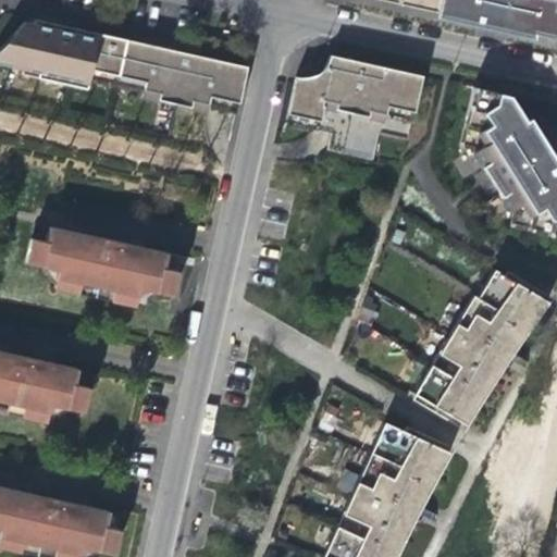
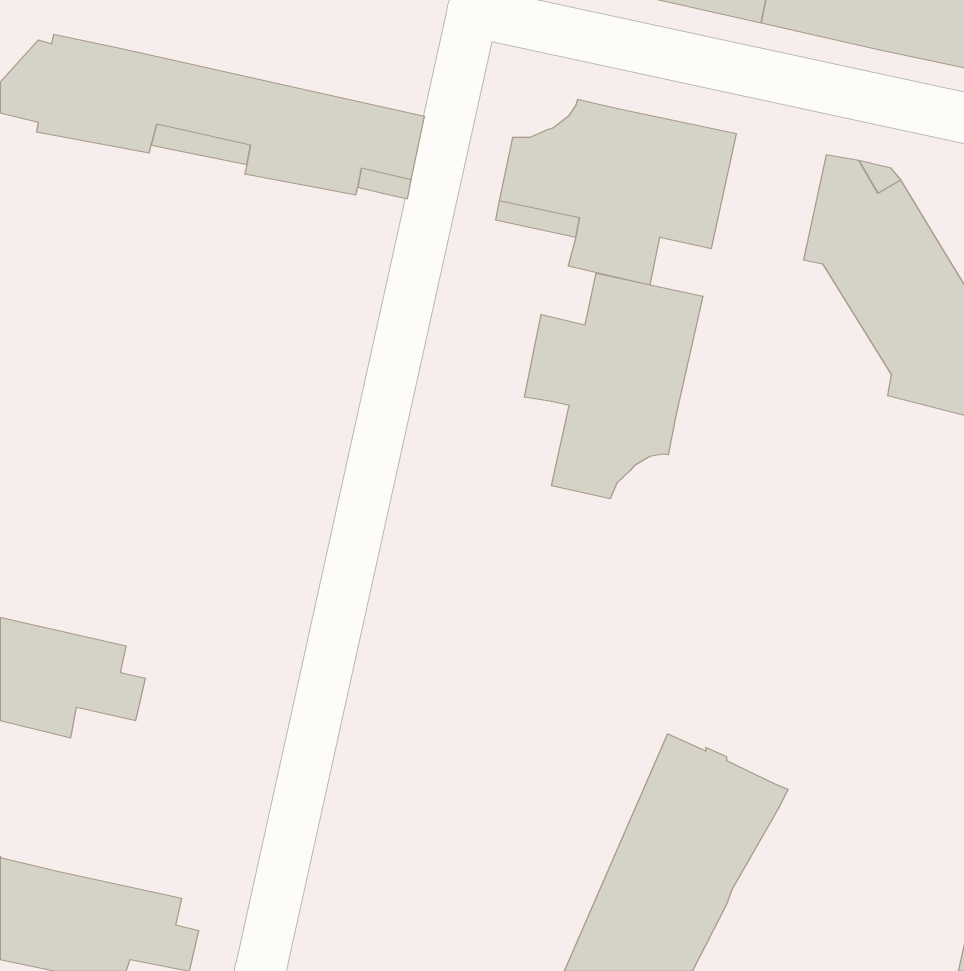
building: none -> [524,273,703,499]
building: [26,225,178,305] -> none
building: [416,267,552,424] -> none

